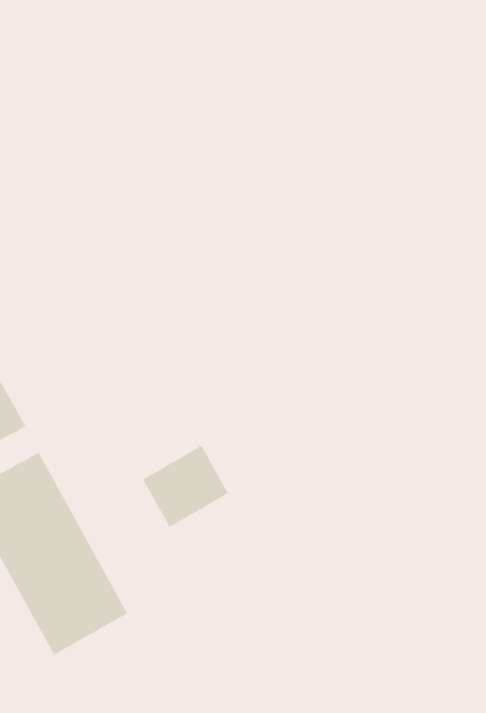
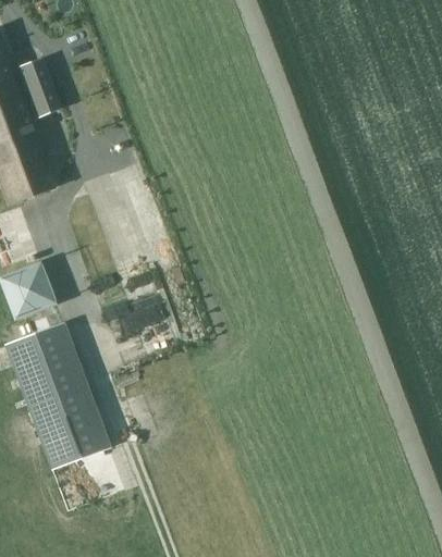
building: [142,445,228,528] -> none

